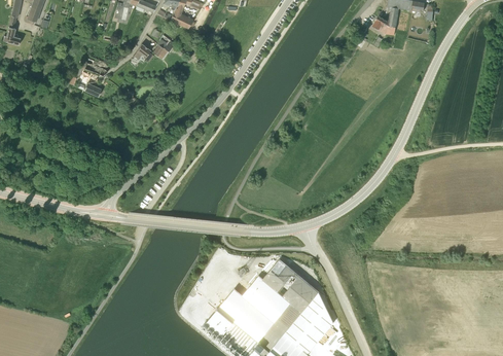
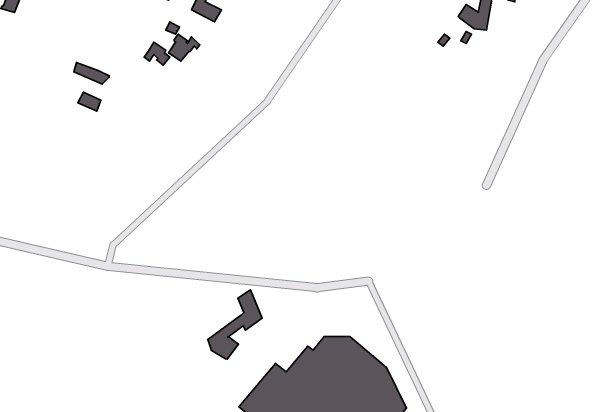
building: none -> [208,290,262,359]

